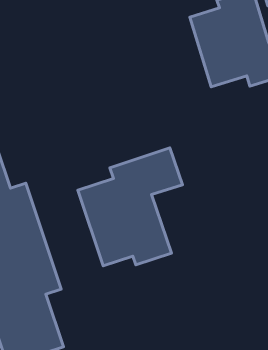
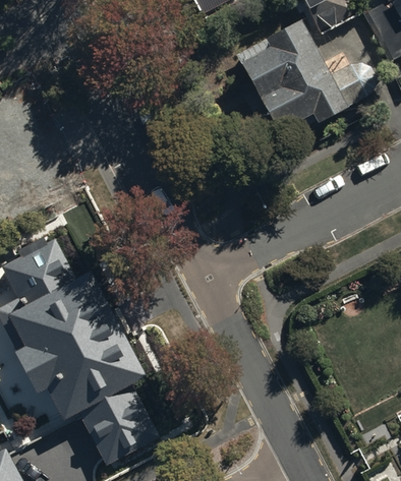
building: [78,148,182,266] -> none

